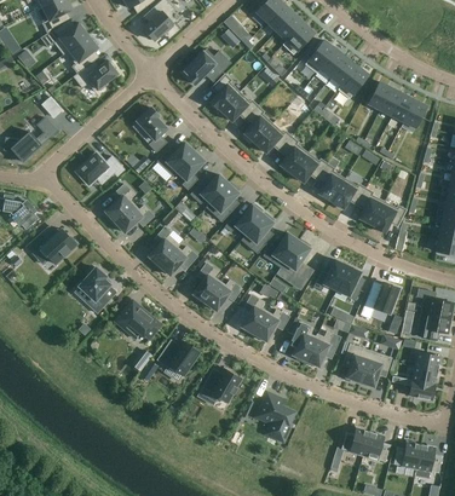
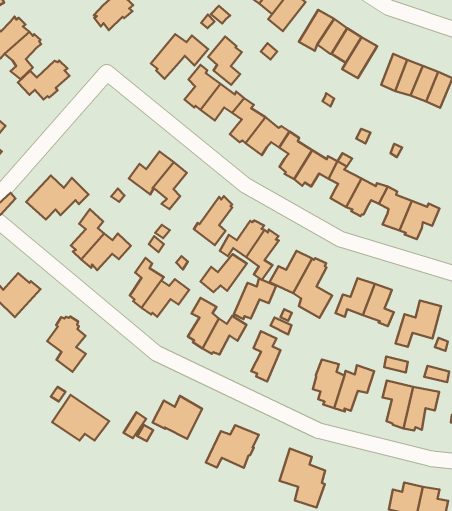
building: none -> [208,36,242,85]
building: [136,106,166,151] -> none
building: [189,174,228,203] -> [201,254,247,292]
building: [114,300,160,339] -> [52,395,109,441]
building: [252,308,288,340] -> [234,279,276,319]

